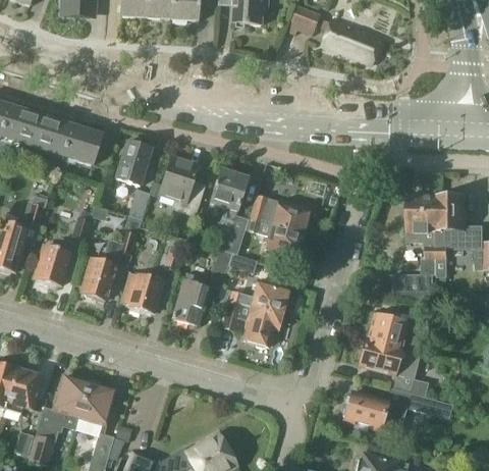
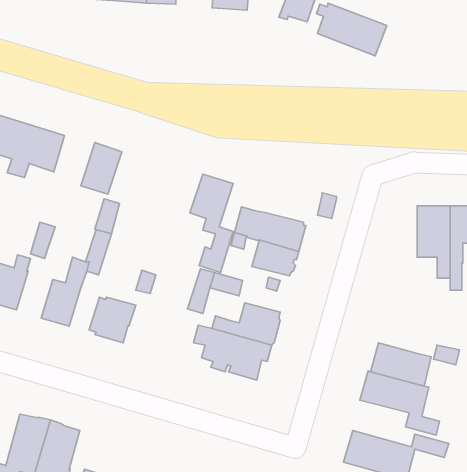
building: [158,153,204,213] -> none
building: [174,271,209,325] -> none
building: [400,279,433,299] -> none

